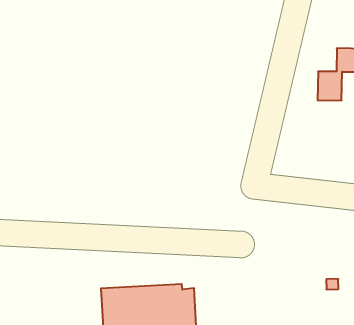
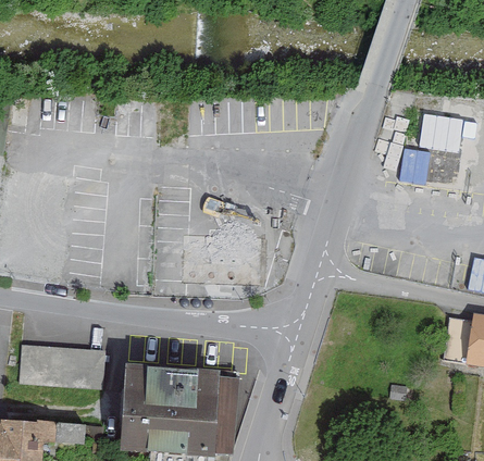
building: none -> [20,346,101,389]

